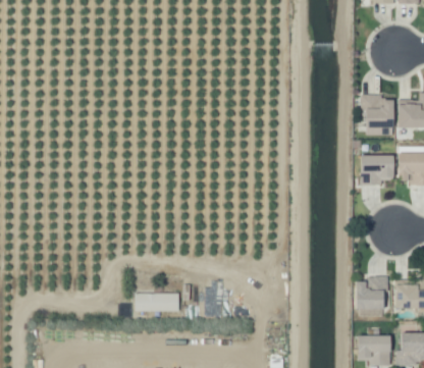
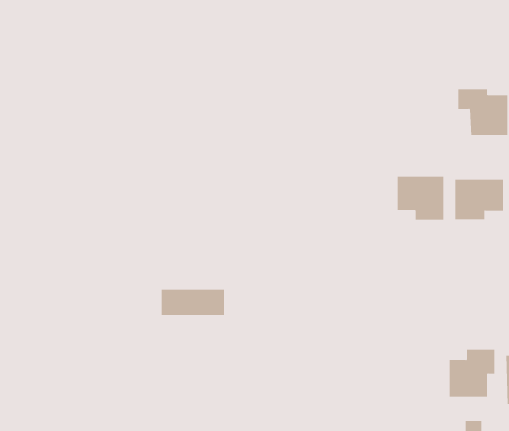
building: none -> [397,176,444,220]
building: [134,292,178,310] -> [161,289,225,315]

